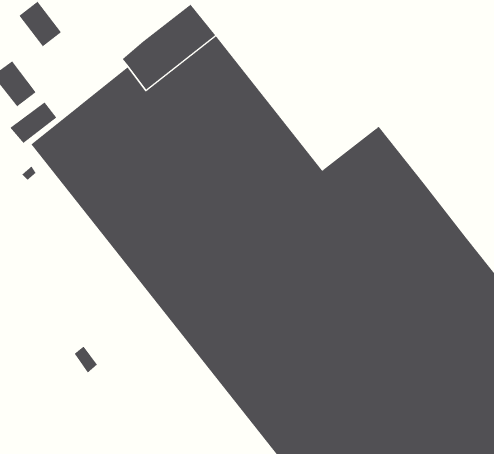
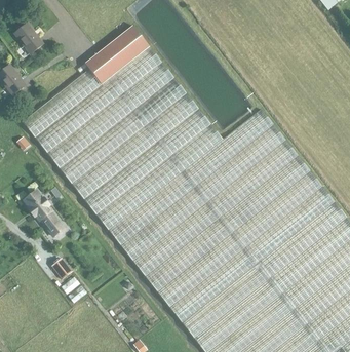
building: [9,101,57,144] -> none
building: none -> [26,190,65,233]

